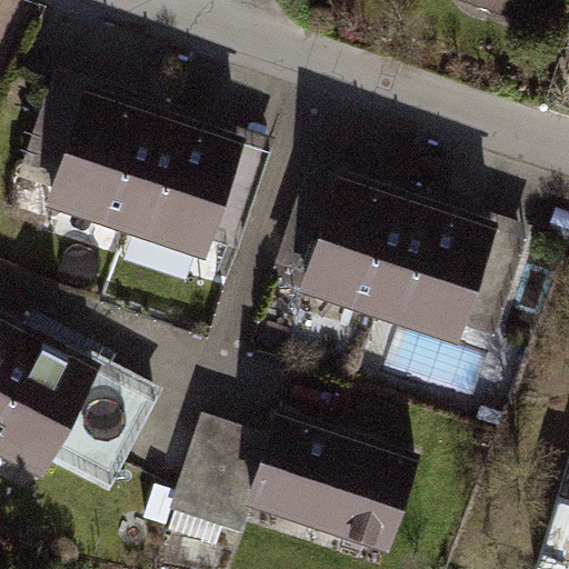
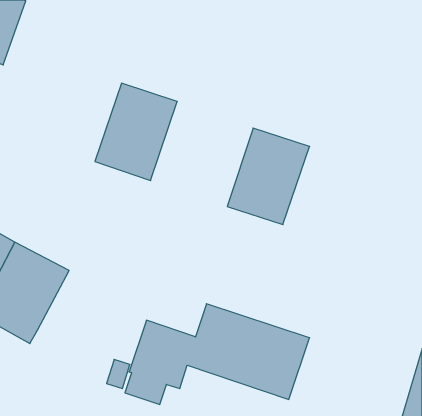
building: [49,98,162,228] -> none
building: [378,208,490,338] -> none
building: [50,373,152,486] -> none

